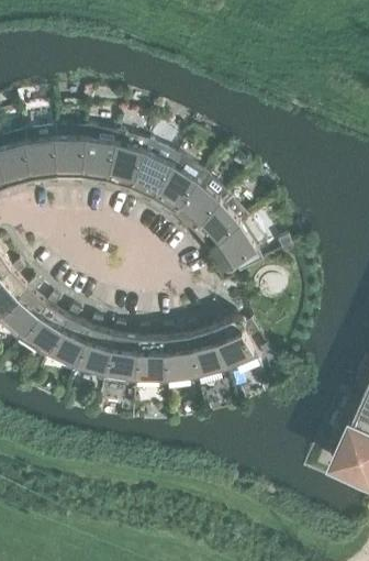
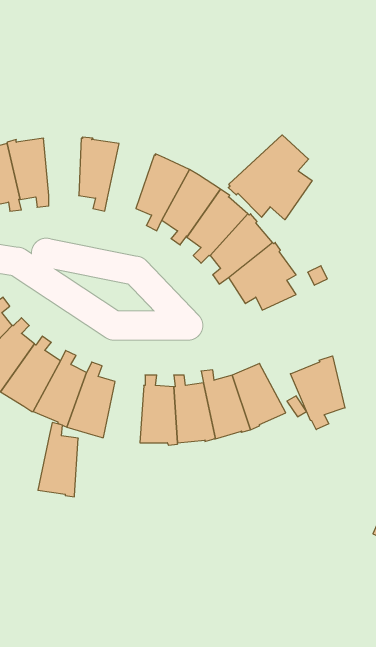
building: none -> [228,135,312,220]
building: [54,124,86,184] -> none
building: [108,131,147,195] -> none
building: none -> [290,356,345,430]
building: [104,322,138,385] -> [38,423,78,497]

